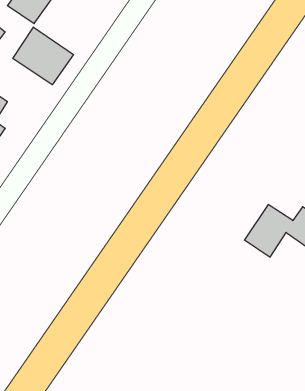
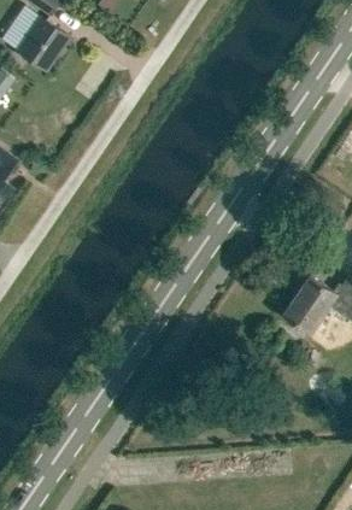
building: [13,27,73,85] -> none

